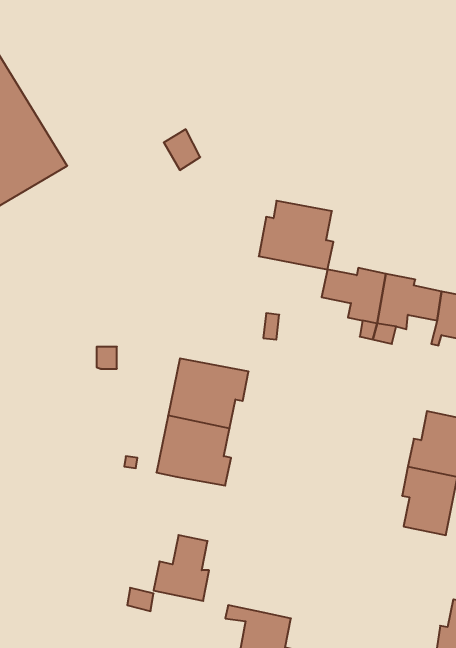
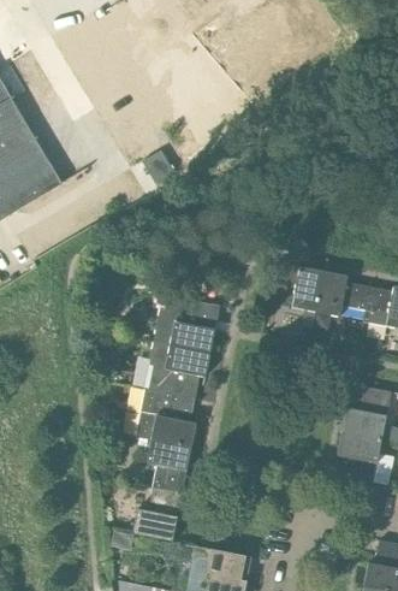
building: [259,201,333,269] -> [154,296,215,353]
building: none -> [147,439,191,492]

